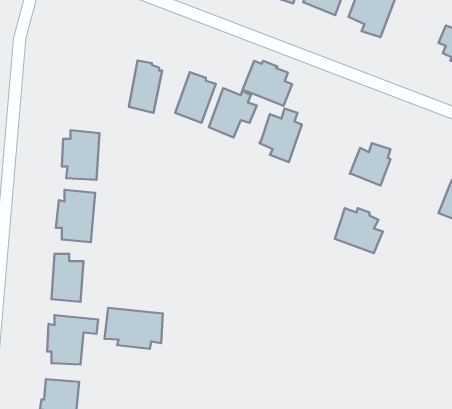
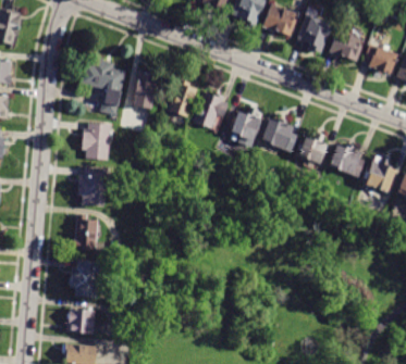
building: none -> [330,30,364,62]
building: none -> [81,59,126,114]
building: [243,61,292,106] -> [260,118,297,152]
building: [335,208,383,253] -> [330,143,366,177]
building: [105,308,163,349] -> none

